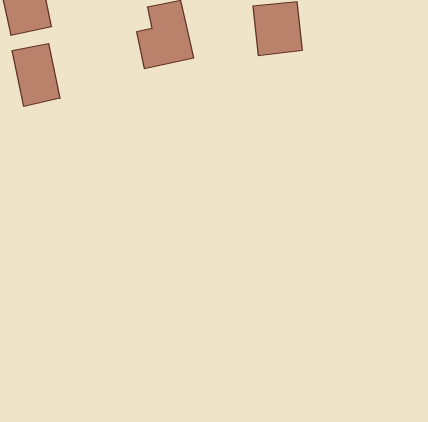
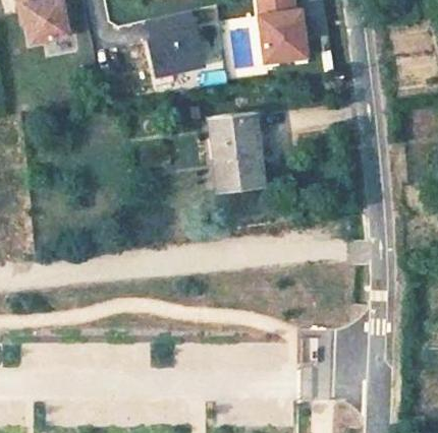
building: [12,44,60,106] -> none
building: none -> [211,117,261,188]

